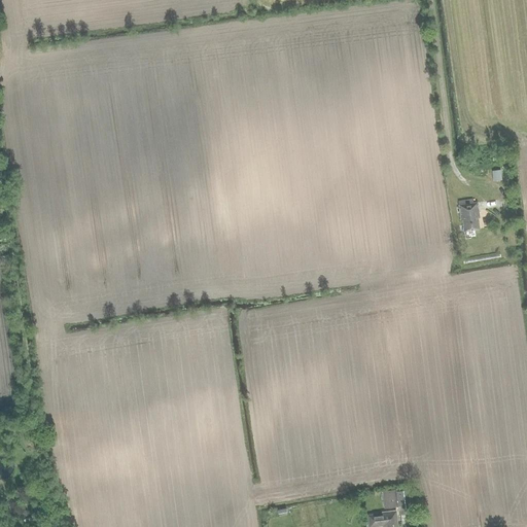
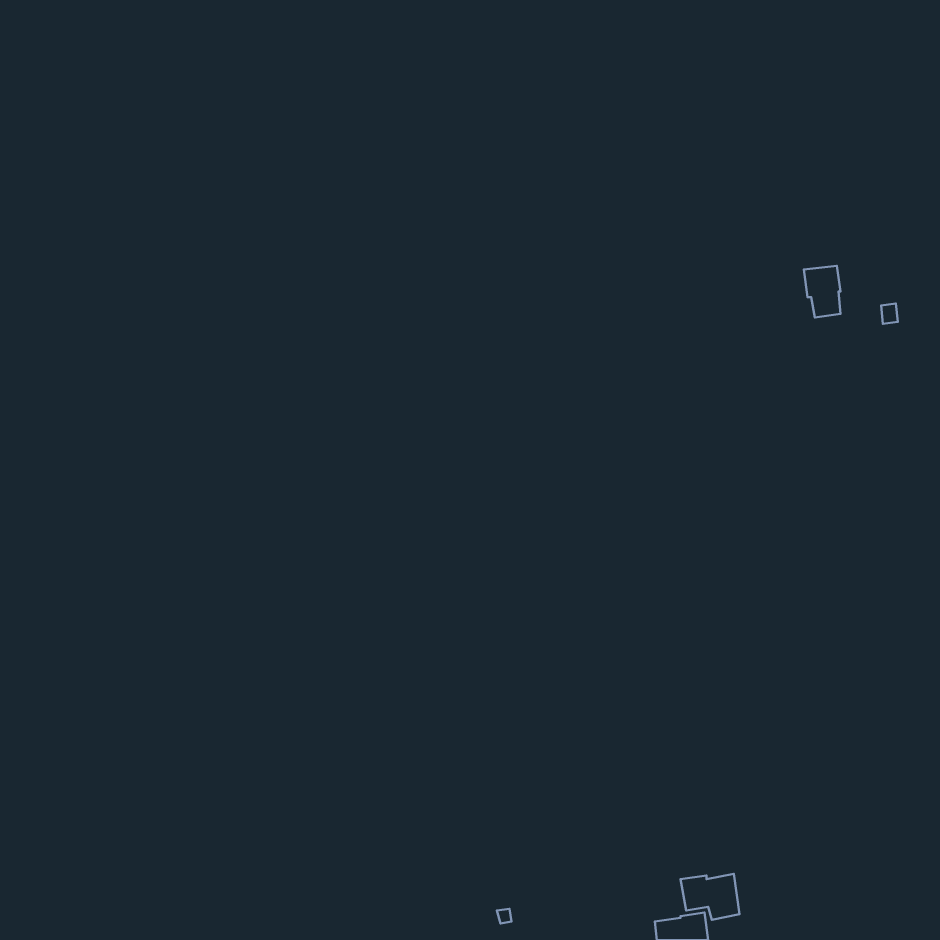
building: [458,203,479,232] -> [804,266,840,317]

